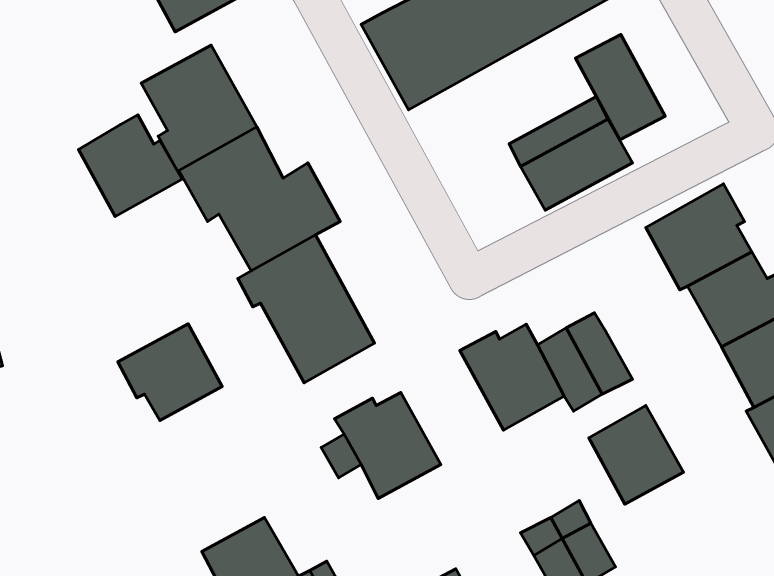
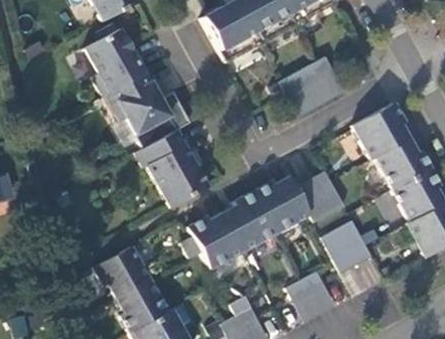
building: [576,35,665,140] -> none
building: [79,115,182,216] -> none
building: [118,324,222,421] -> [94,245,149,297]
building: none -> [221,190,276,250]

